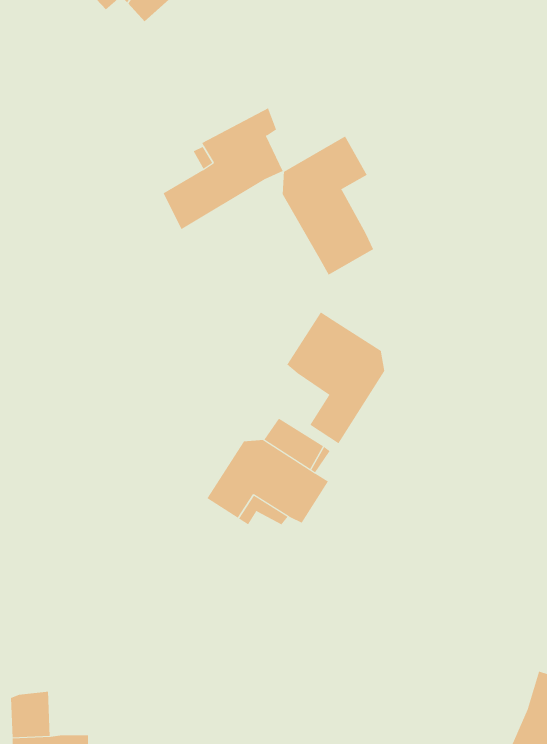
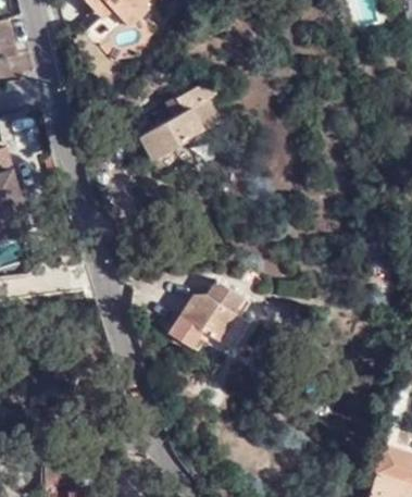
building: [282,136,374,275] -> none
building: [287,311,385,444] -> none

